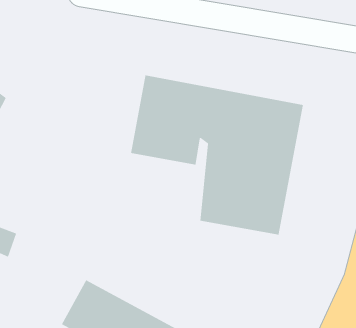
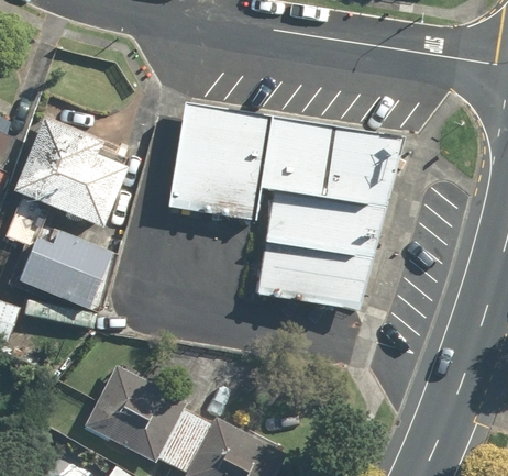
building: none -> [12,121,129,240]
building: none -> [14,239,107,311]

